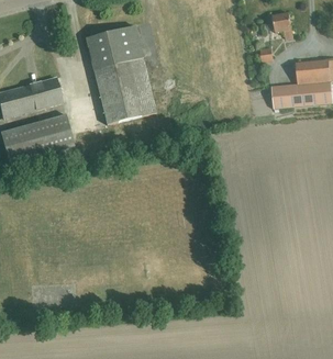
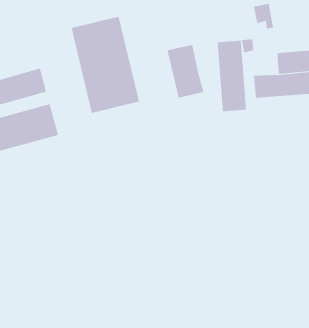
building: none -> [217,40,246,112]
building: none -> [167,44,204,98]

